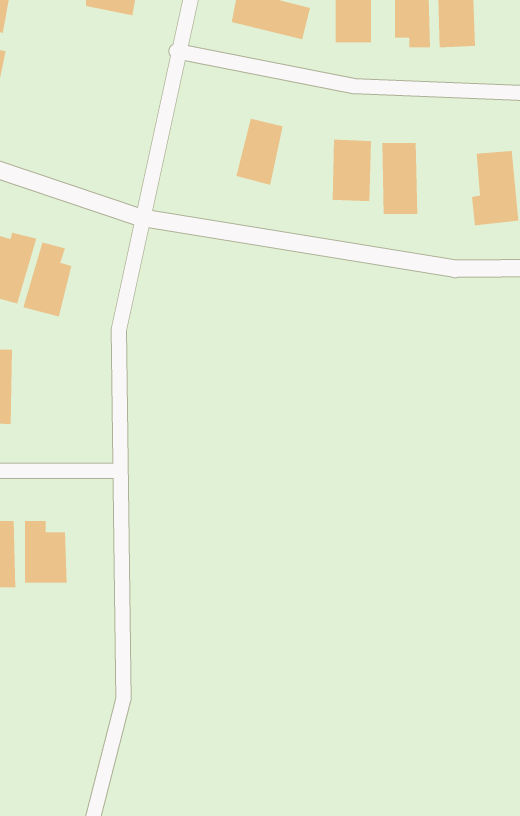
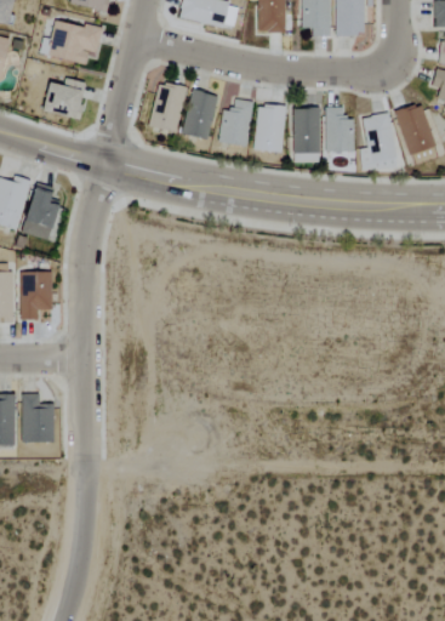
building: none -> [47,19,103,65]
building: none -> [41,79,87,120]
building: none -> [152,82,187,132]
building: none -> [221,101,253,146]
building: none -> [326,107,355,153]
building: none -> [22,272,53,320]

